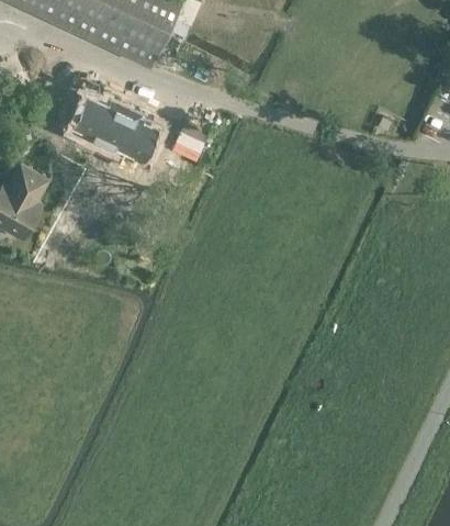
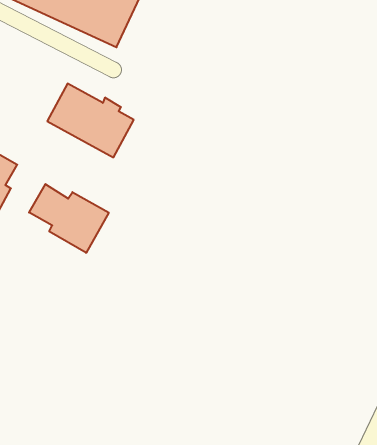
building: [171,122,207,160] -> none
building: none -> [29,184,109,253]

